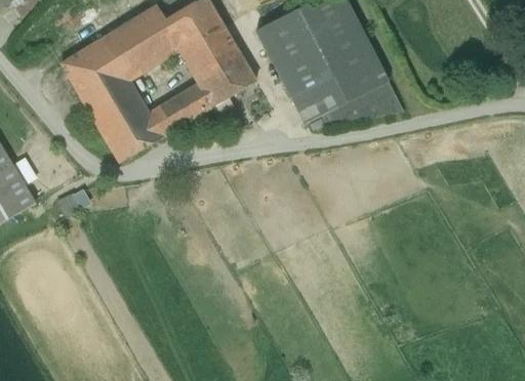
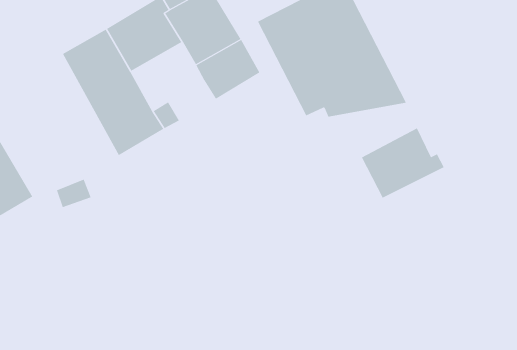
building: [167,87,213,126] -> none
building: none -> [361,128,444,198]

